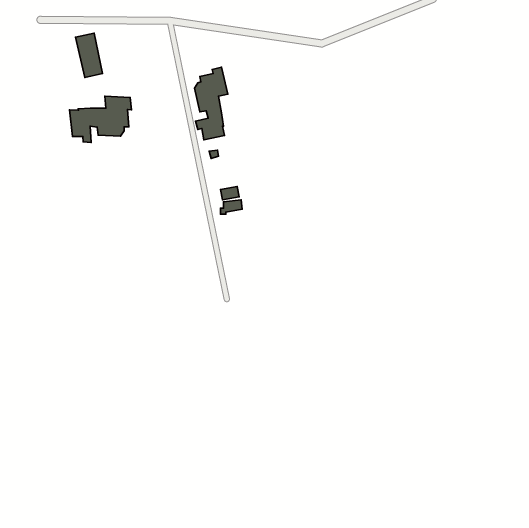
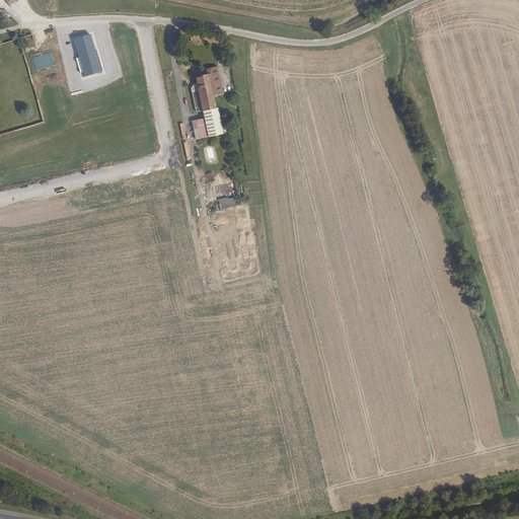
building: [70,96,131,143] -> none

